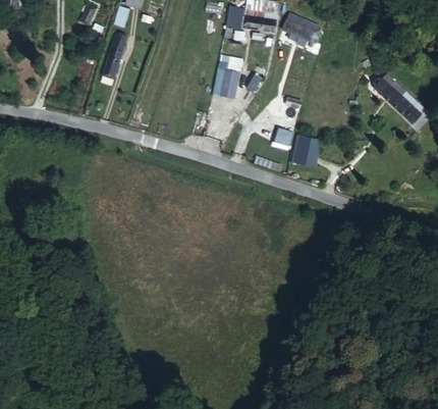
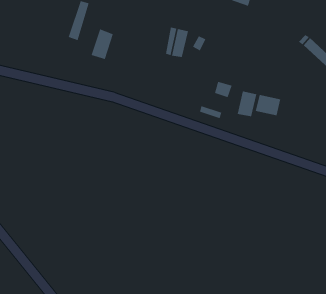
building: none -> [91,28,114,60]
building: none -> [255,94,281,116]

